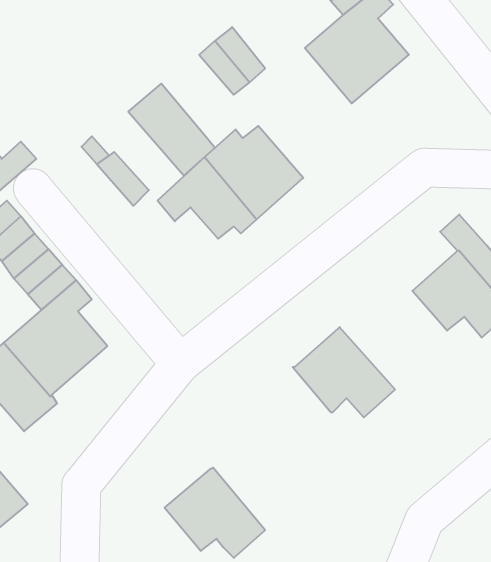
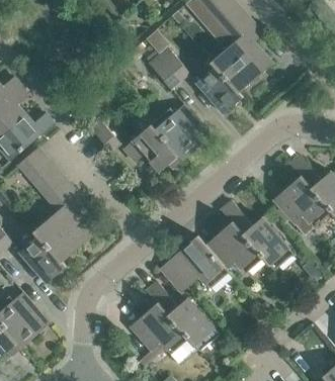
building: [128,84,215,176] -> [191,59,242,112]
building: none -> [221,202,292,270]
building: none -> [160,236,228,292]
building: none -> [145,281,218,352]

